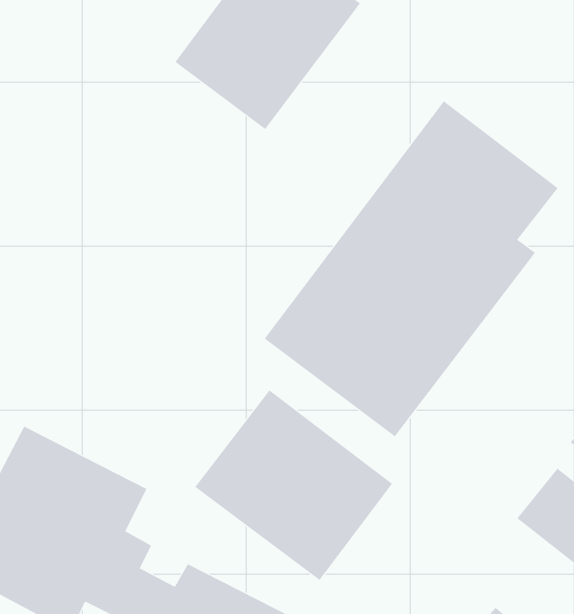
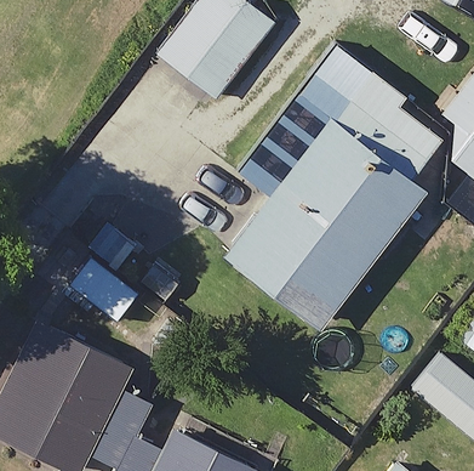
building: [194,390,393,581] -> none

